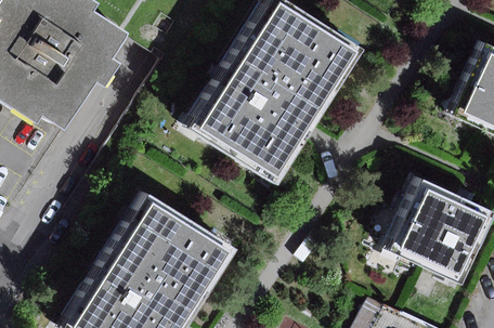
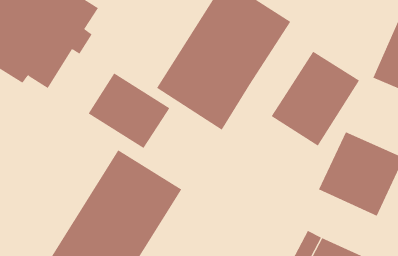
building: none -> [271,51,360,146]
building: none -> [88,72,170,149]

